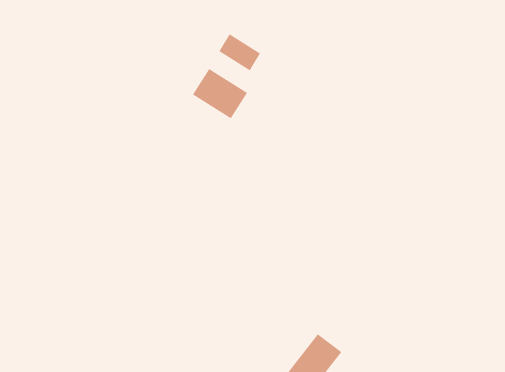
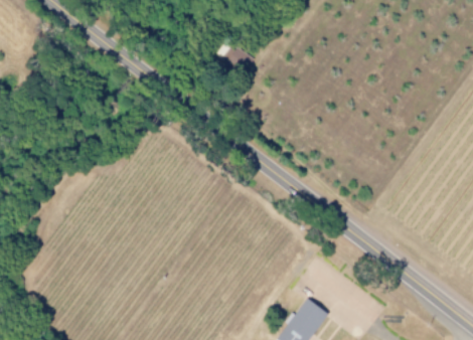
building: [192,68,248,119] -> none

